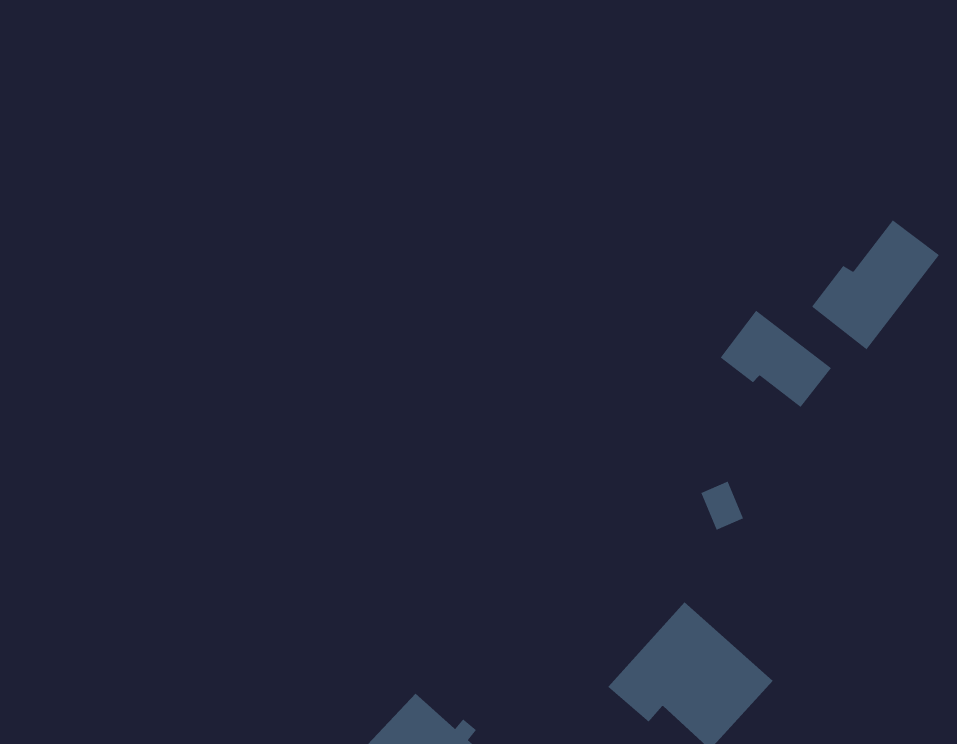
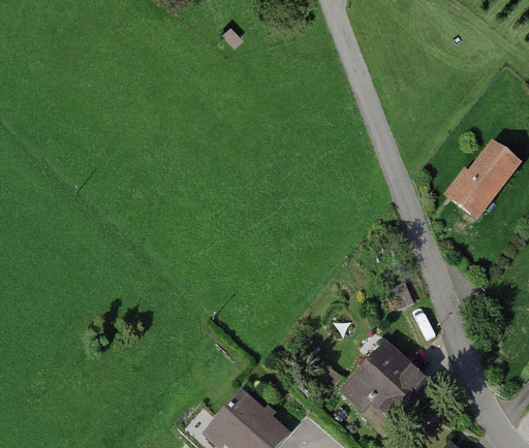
building: [720,310,832,408] -> none

